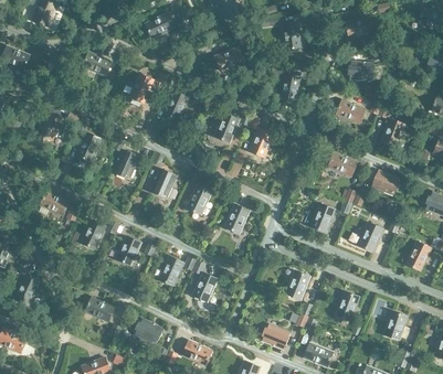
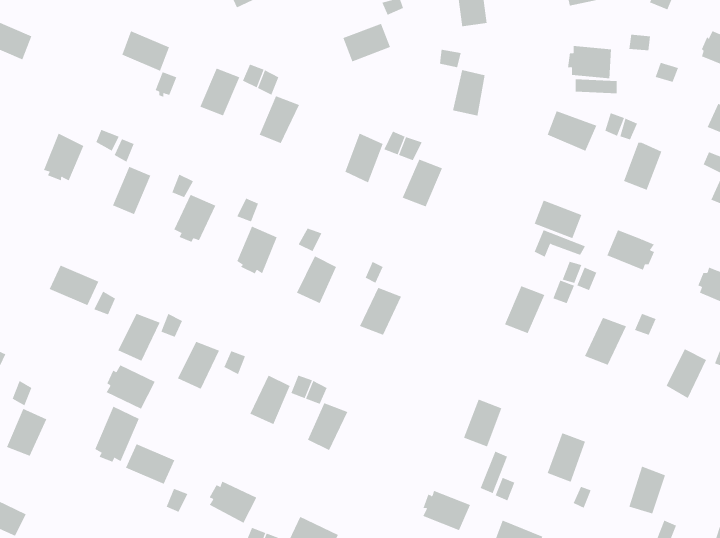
building: none -> [106,365,155,409]
building: none -> [95,406,140,462]

